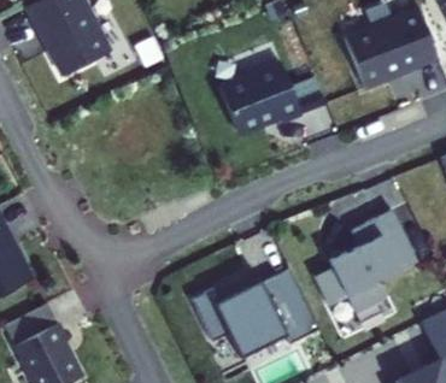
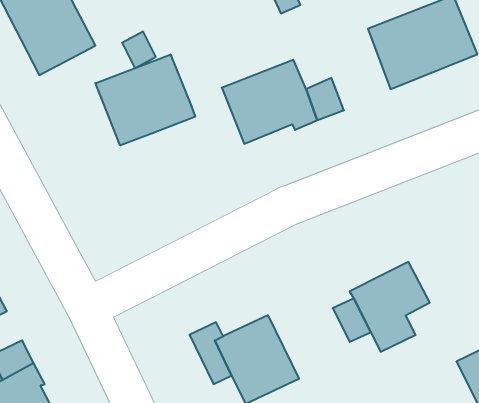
building: none -> [95,54,195,145]
building: [351,210,417,271] -> none
building: [259,266,319,343] -> none

